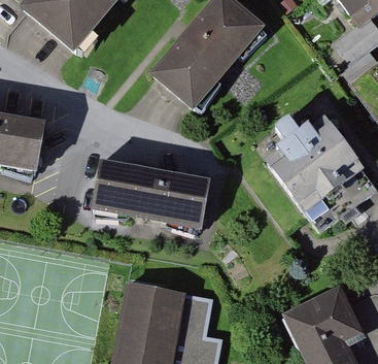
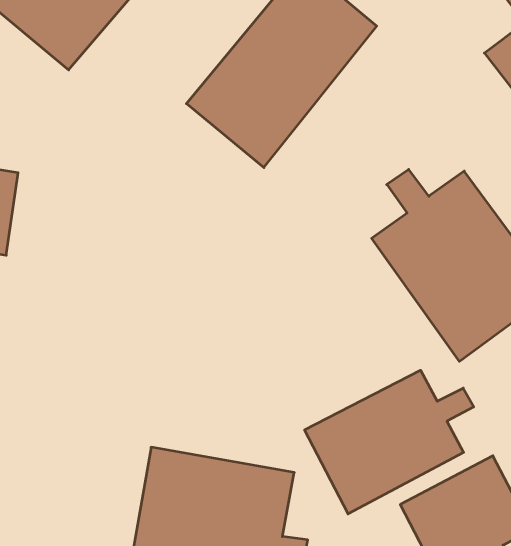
building: [91,160,210,231] -> none
building: none -> [305,370,474,514]

